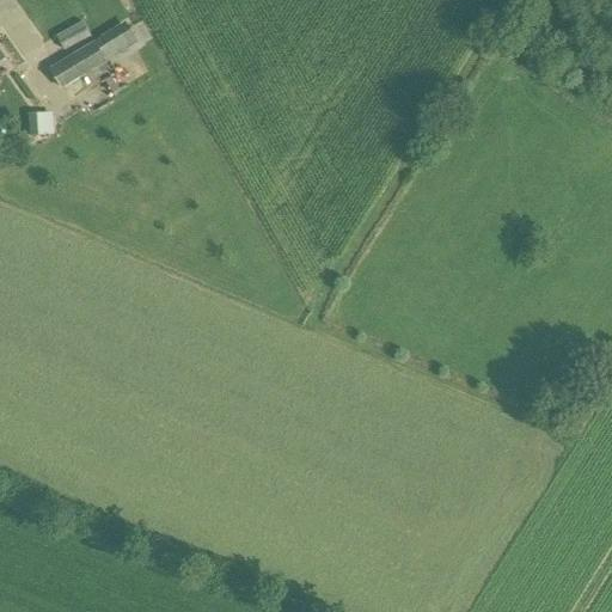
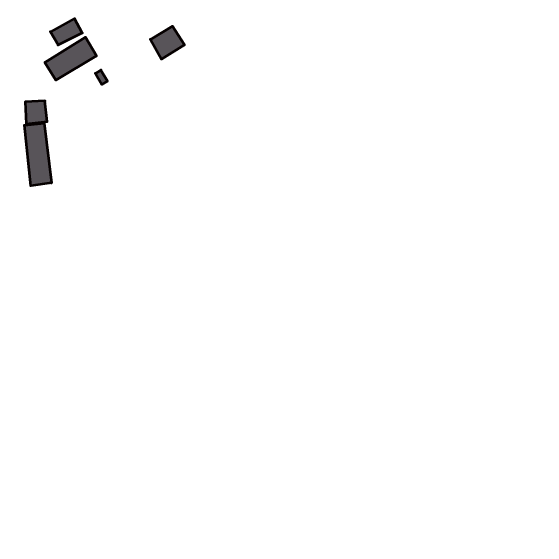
building: [100,23,137,59] -> [150,26,184,59]
building: none -> [24,123,51,186]

